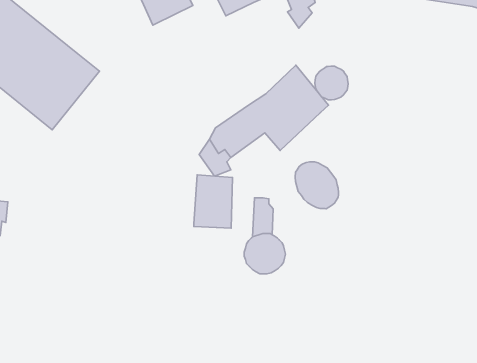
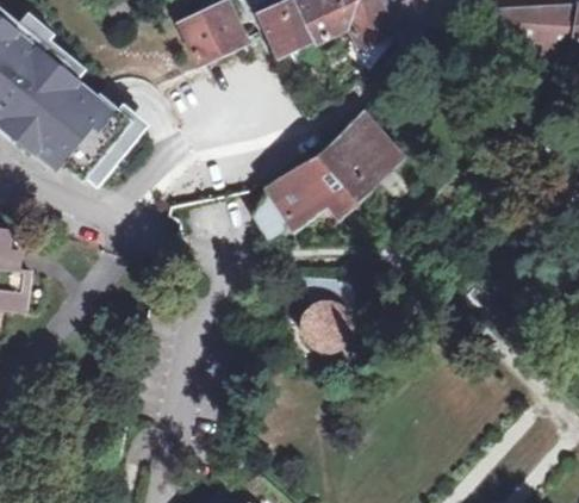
building: [315,66,348,100] -> none
building: [295,162,338,209] -> none
building: [194,175,233,228] -> none

